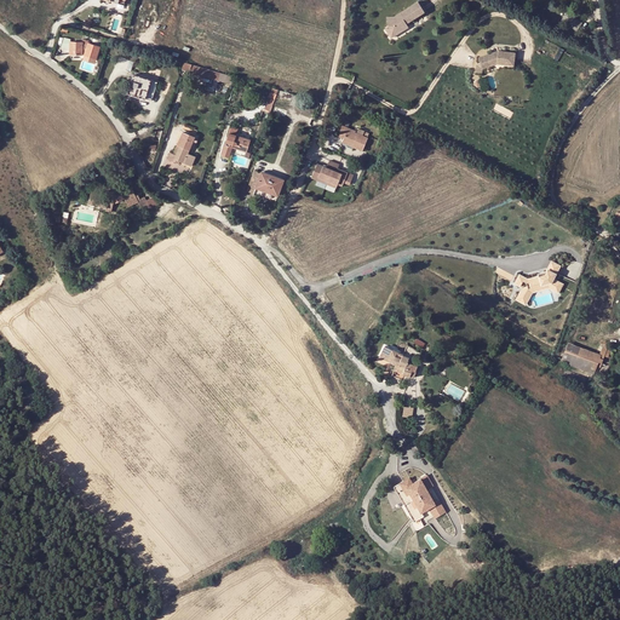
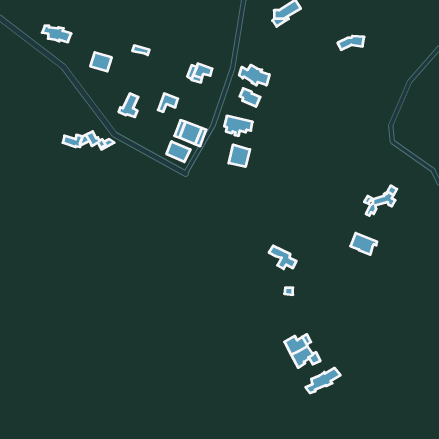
building: none -> [239,65,269,85]
building: none -> [167,141,190,162]
building: none -> [229,145,250,167]
building: [561,341,598,372] -> [350,233,377,255]
building: none -> [306,368,340,393]

